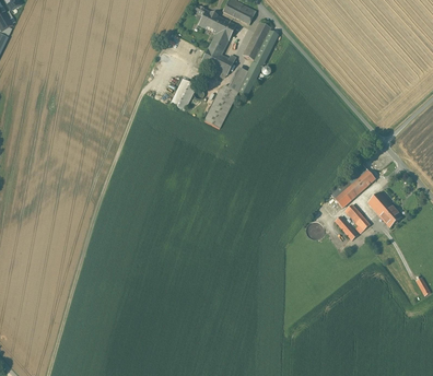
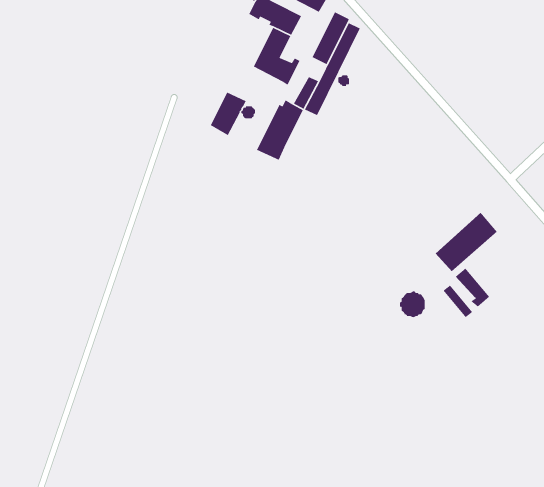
building: [366,192,401,227] -> none

